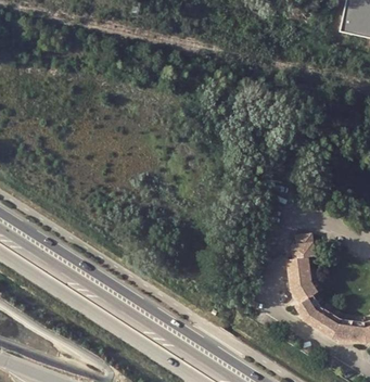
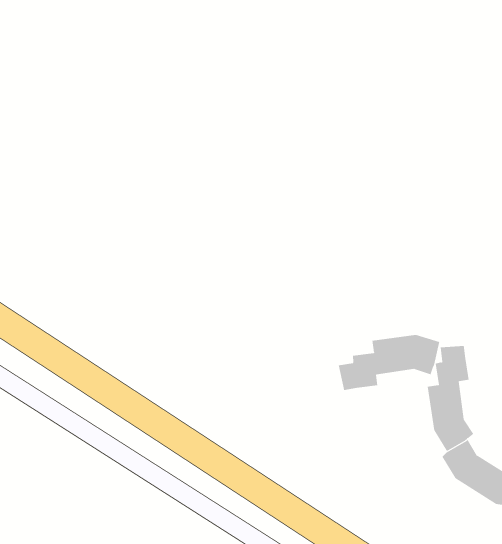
building: none -> [338,334,440,391]

